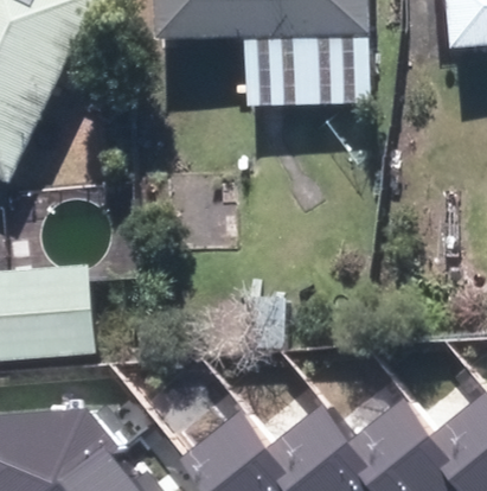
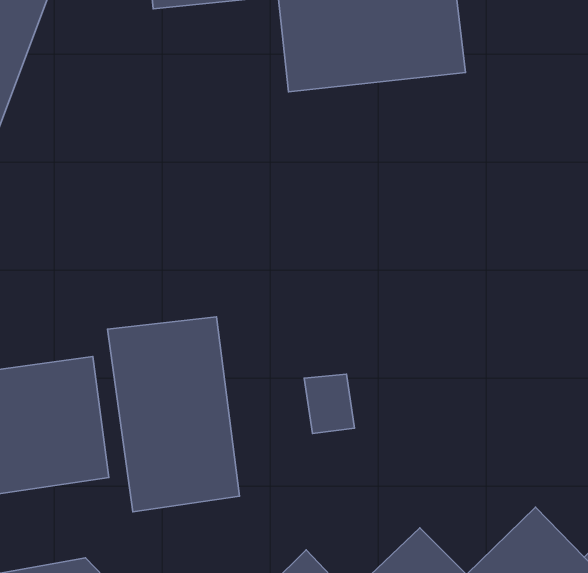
building: none -> [108,317,240,512]

